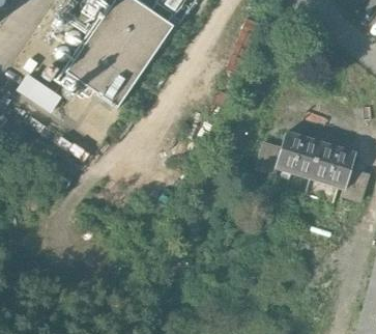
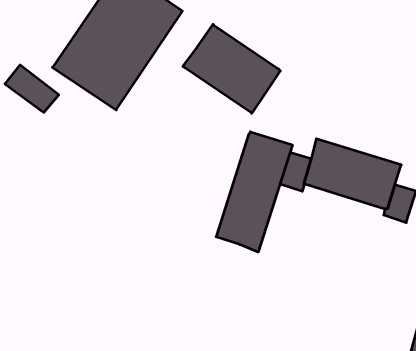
building: none -> [183,24,280,113]
building: none -> [216,132,292,252]

